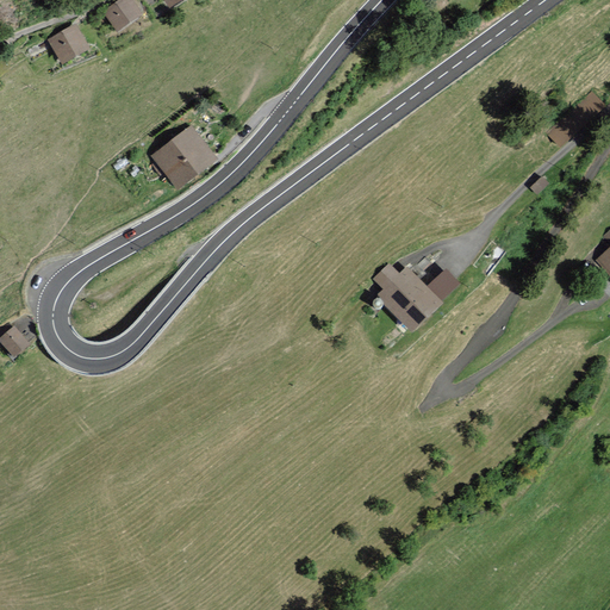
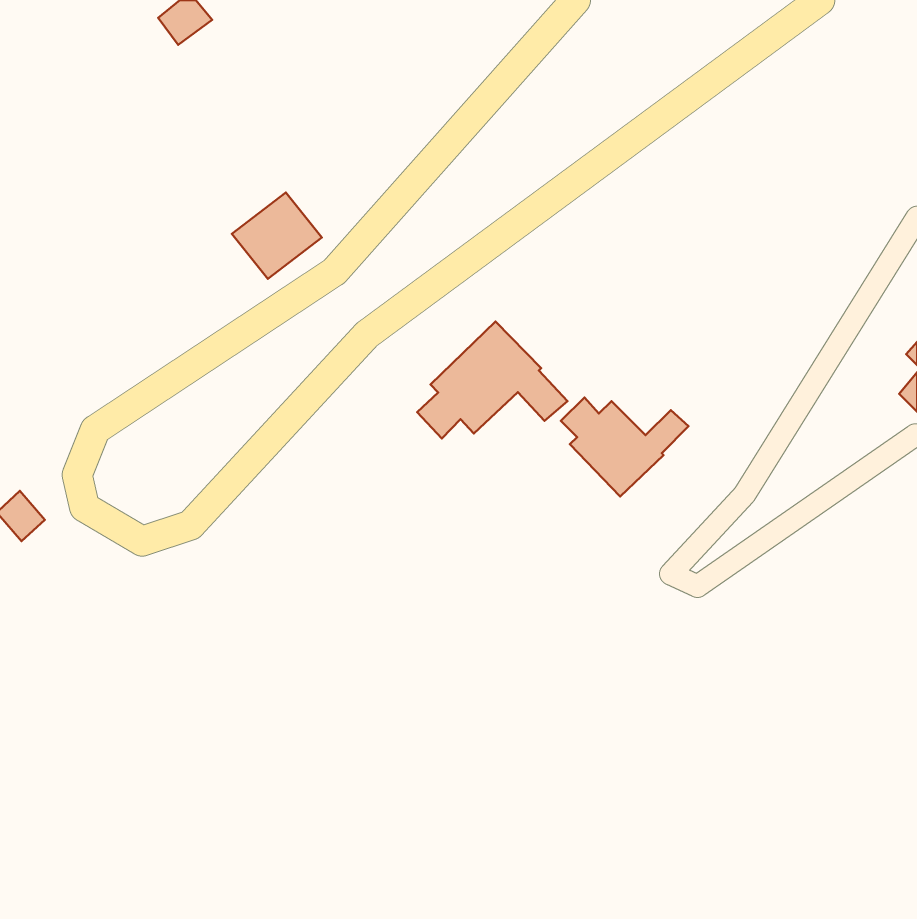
building: [49,25,87,62] -> none
building: none -> [417,321,567,439]

